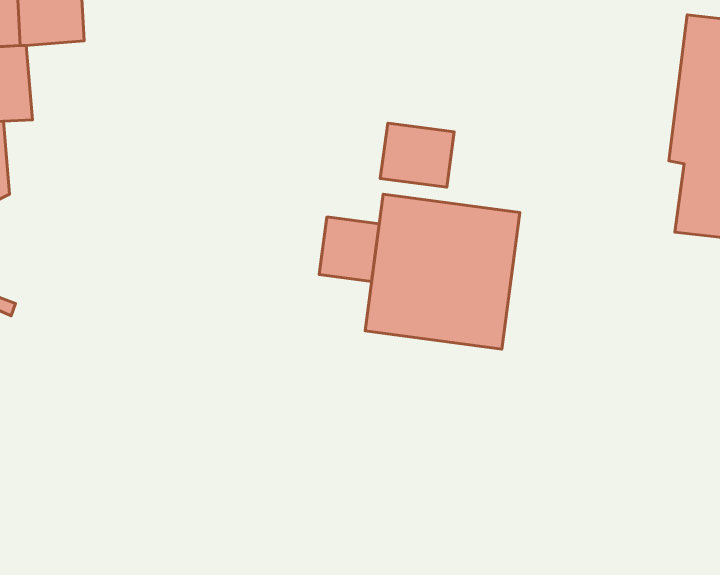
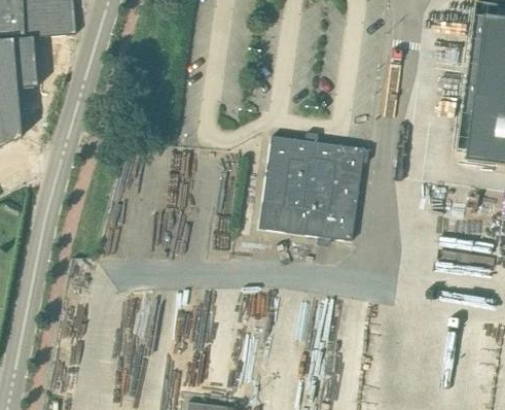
building: [380,123,454,187] -> none
building: [319,217,379,281] -> none

